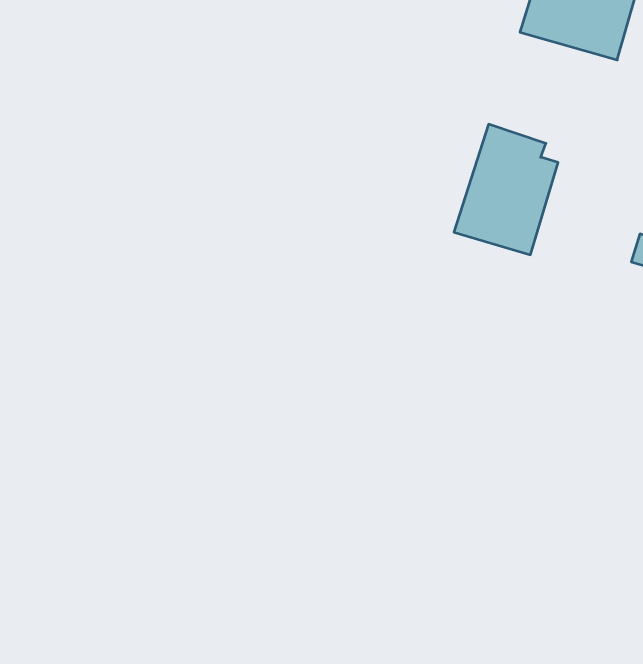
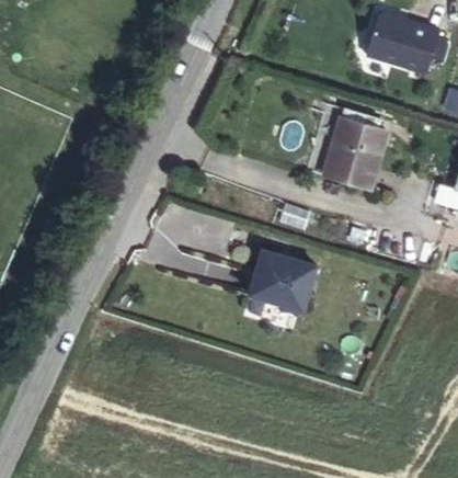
building: none -> [249,248,316,312]

